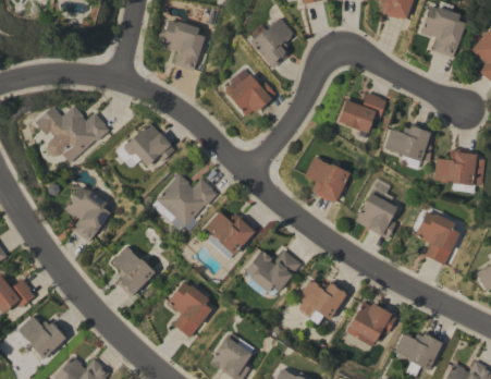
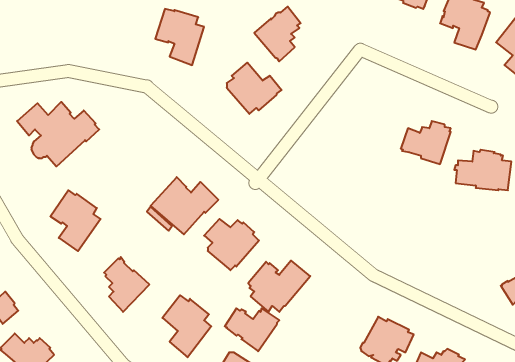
building: [339,93,386,132] -> none
building: [114,122,174,166] -> none
building: [304,157,351,201] -> none
building: [355,185,397,239] -> none
building: [415,211,461,264] -> none
building: [298,280,348,319] -> [225,308,279,351]

